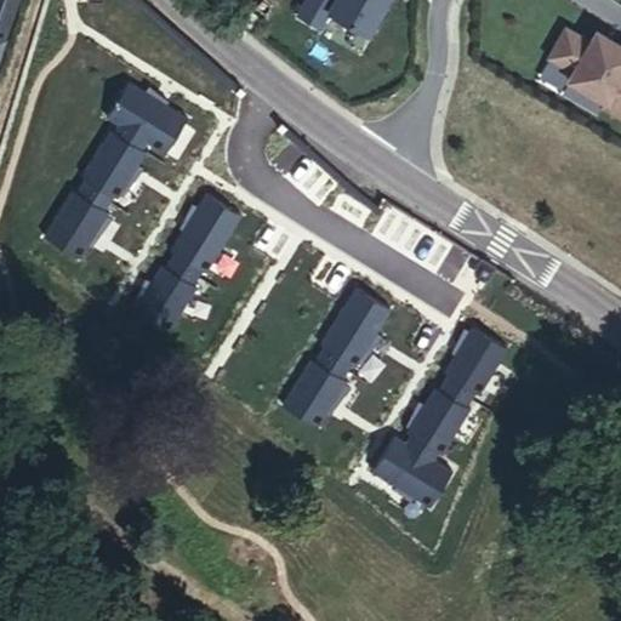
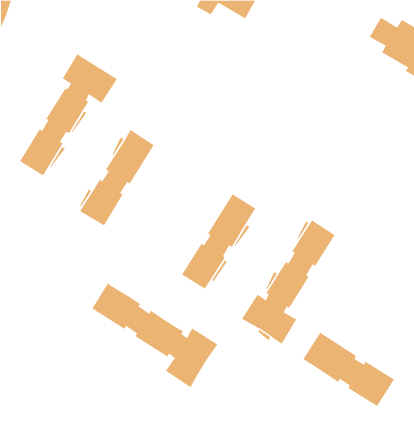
building: none -> [92,282,218,388]
building: none -> [303,332,395,407]

